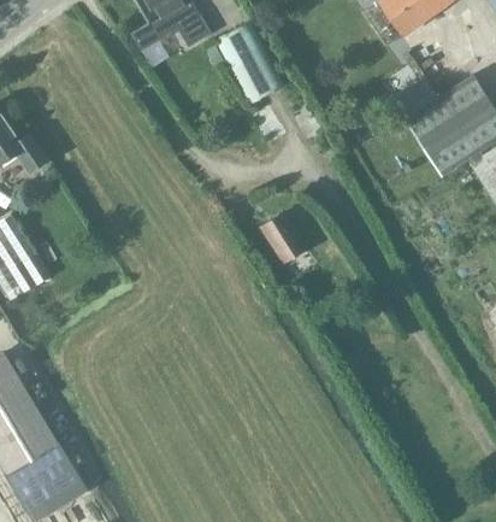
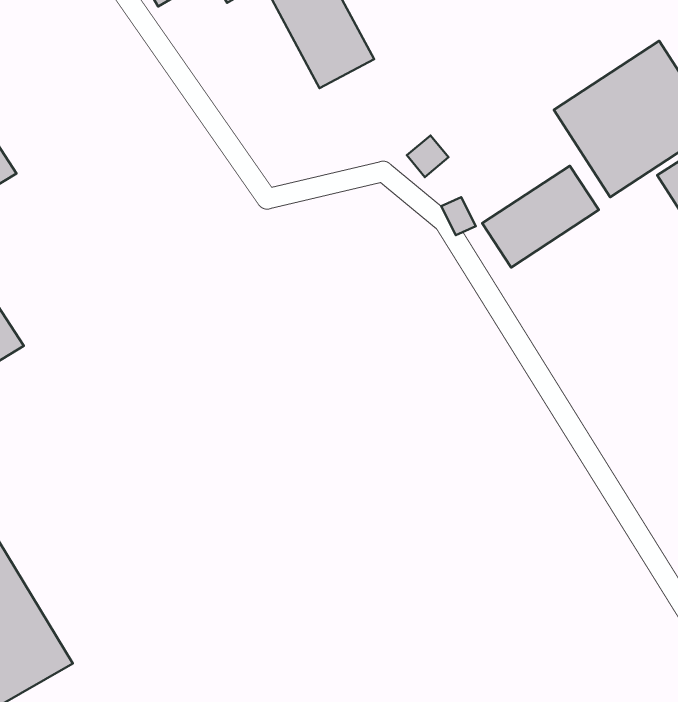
building: none -> [482,166,599,267]
building: [259,211,308,265] -> none

